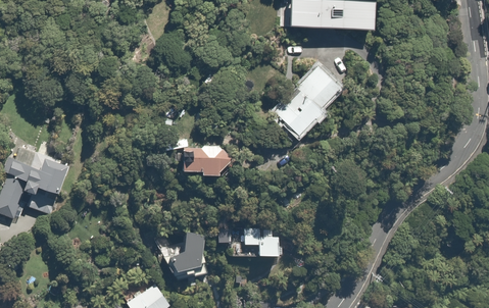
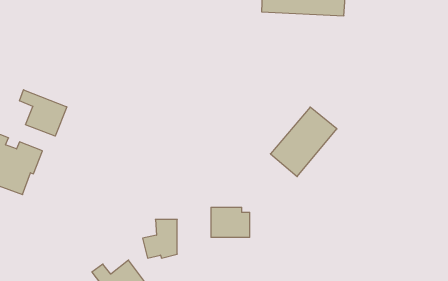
building: [273,65,341,137] -> [270,107,337,177]
building: none -> [20,90,67,136]
building: [182,145,235,177] -> none

